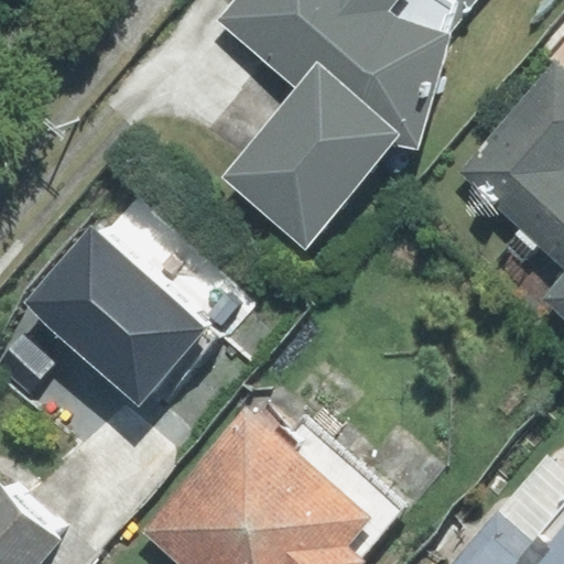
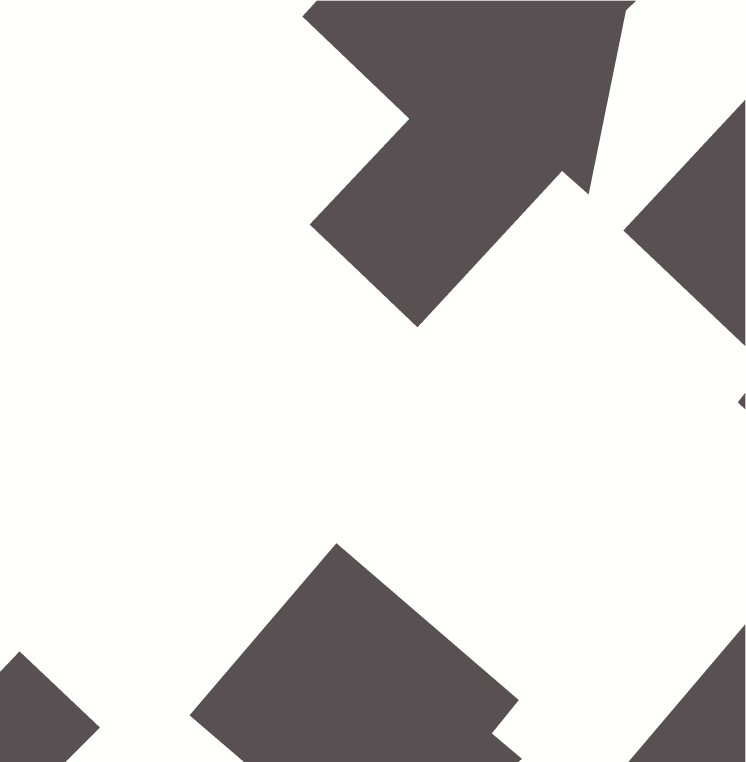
building: [35,223,216,397] -> none

